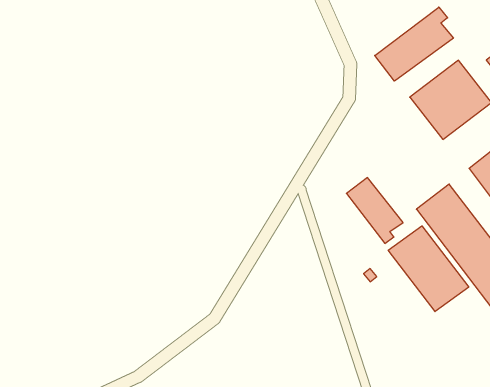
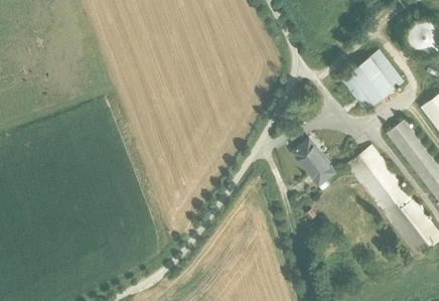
building: [375,7,453,81] -> none
building: [388,226,469,312] -> none

